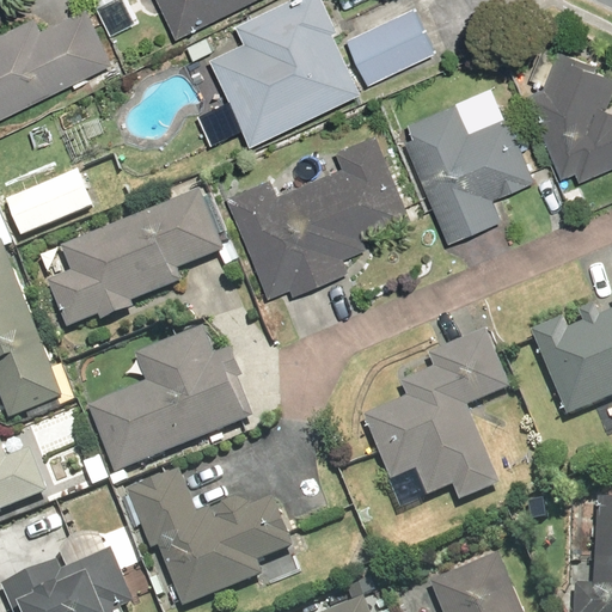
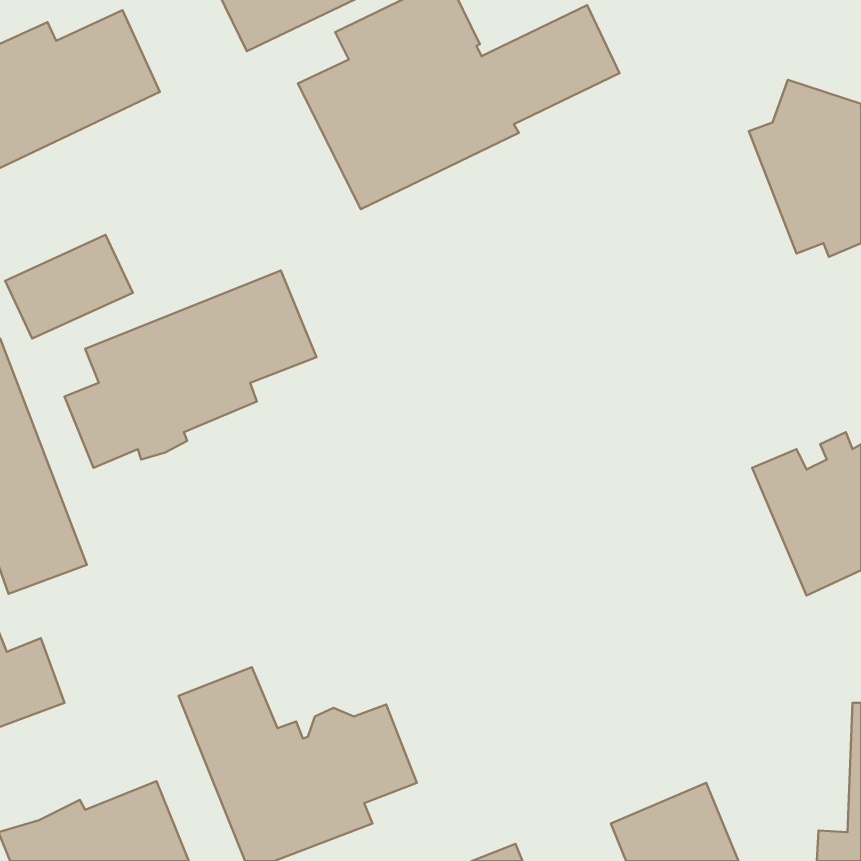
building: [404,99,534,240] -> none
building: [225,130,412,298] -> none
building: [84,326,256,473] -> none
building: [362,326,509,504] -> none

